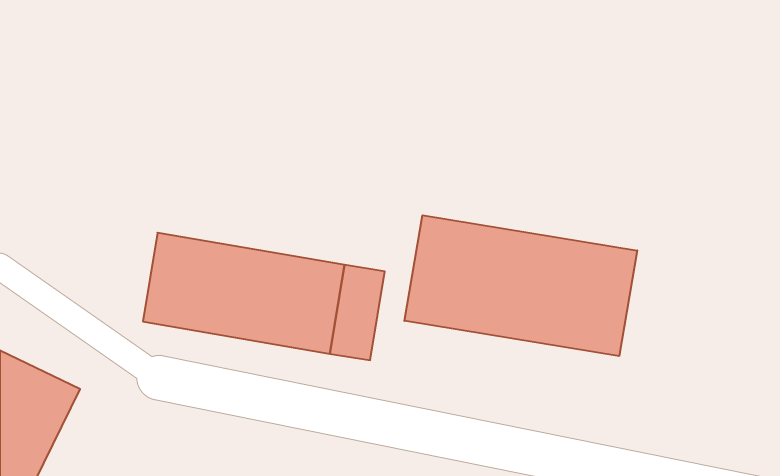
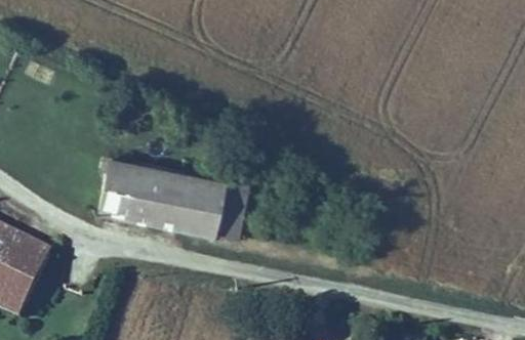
building: [404,215,637,356] -> none

